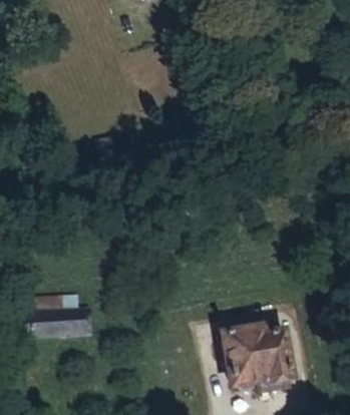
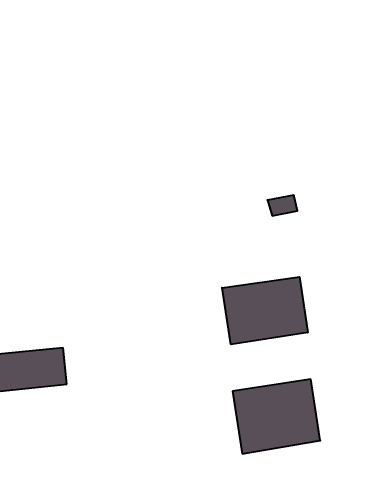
building: none -> [222,277,308,344]

